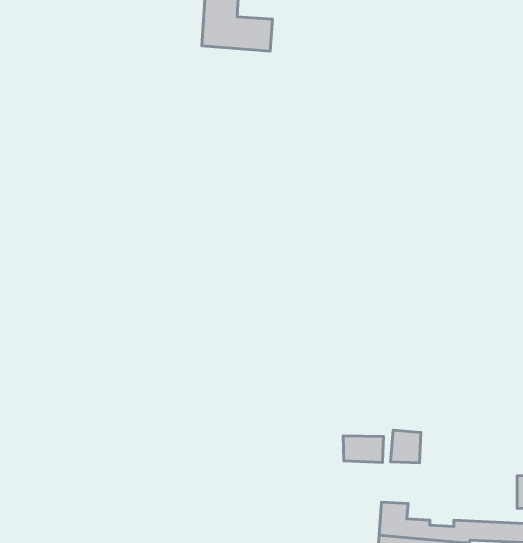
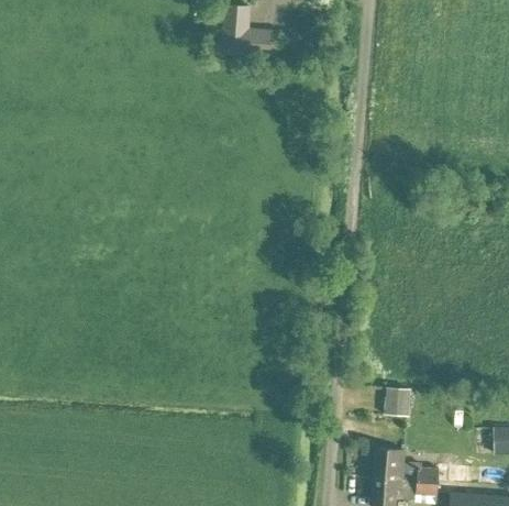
building: [343,436,383,463] -> none

